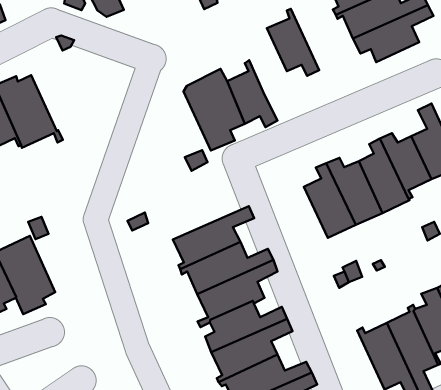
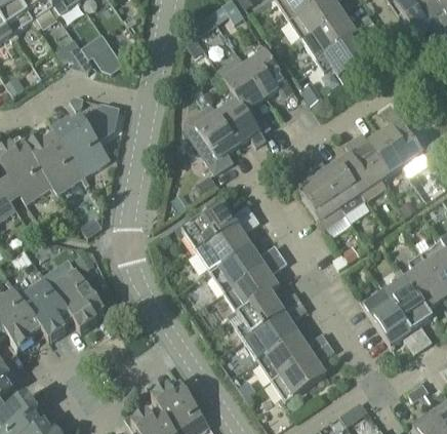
building: none -> [216,53,267,117]
building: none -> [52,105,117,175]
building: none -> [177,201,253,249]

